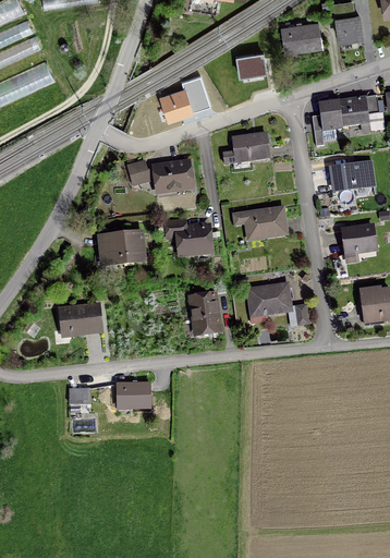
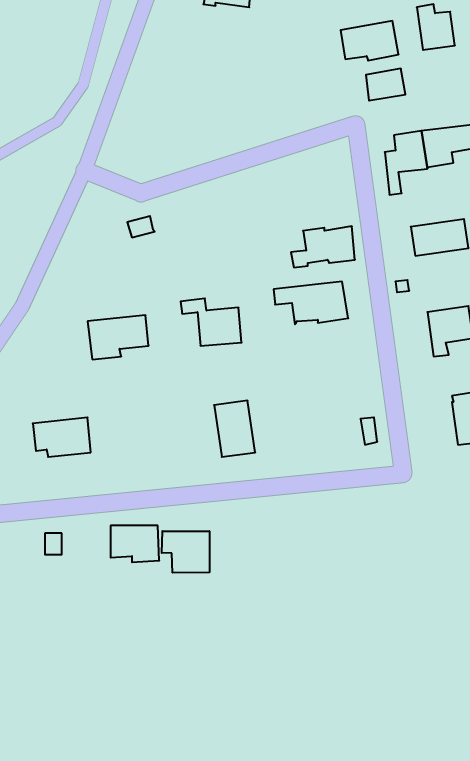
building: [237,52,266,75] -> [366,69,405,101]
building: [161,75,210,119] -> none
building: [223,134,269,163] -> [291,226,355,267]
building: [155,162,192,190] -> none
building: [248,284,291,313] -> none
building: none -> [162,531,209,573]

